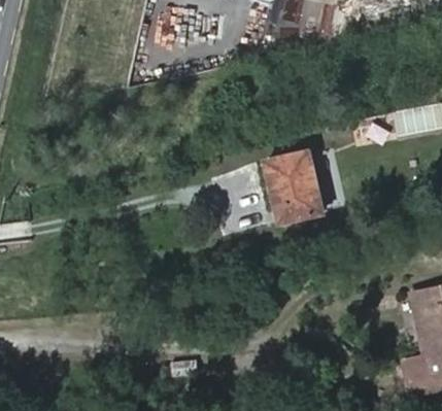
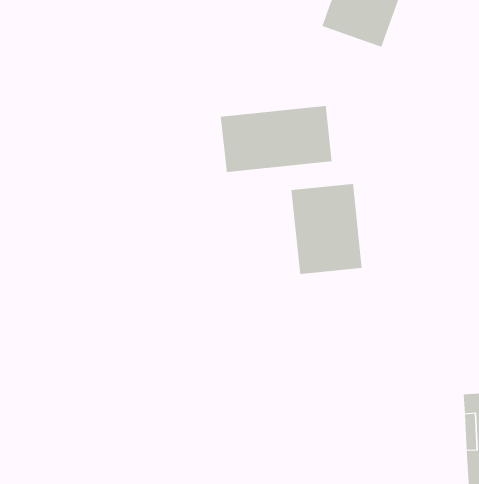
building: none -> [220,105,332,173]

